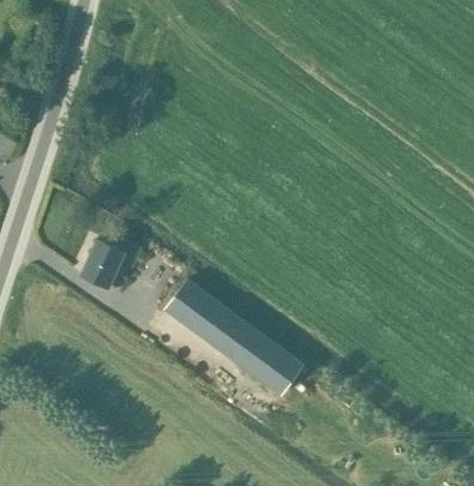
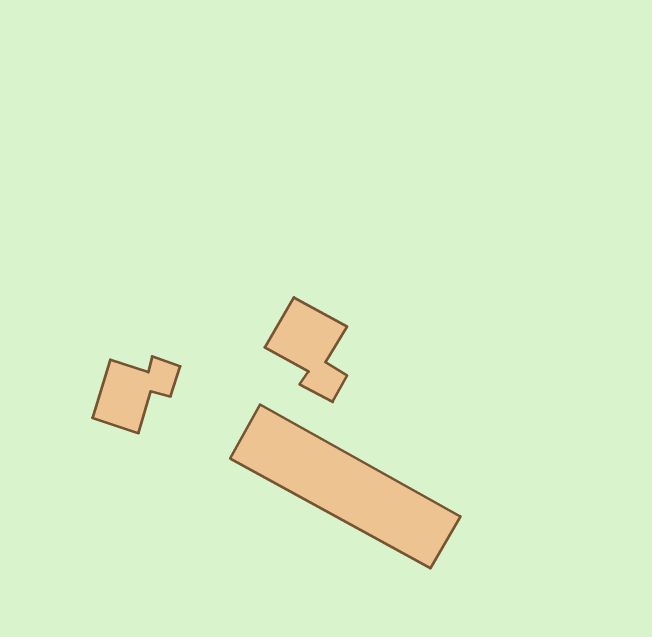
building: none -> [265,297,347,402]

